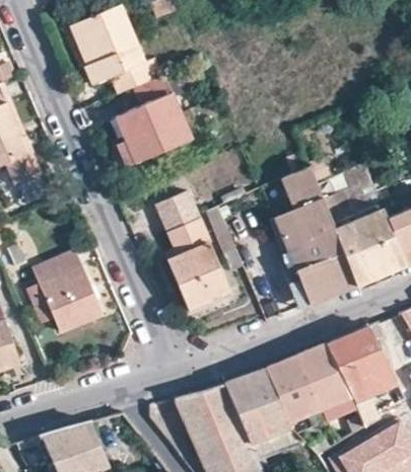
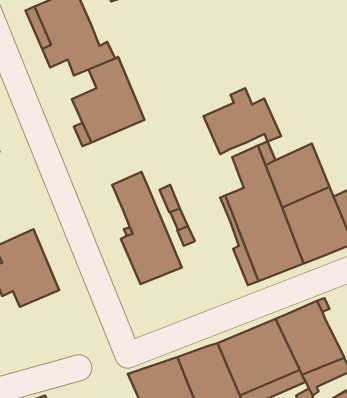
building: none -> [203,88,281,154]

